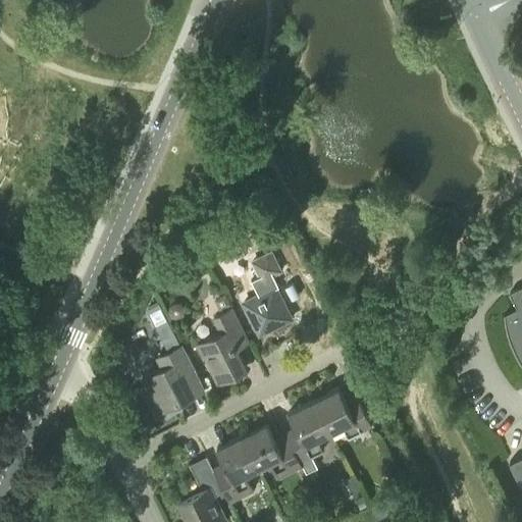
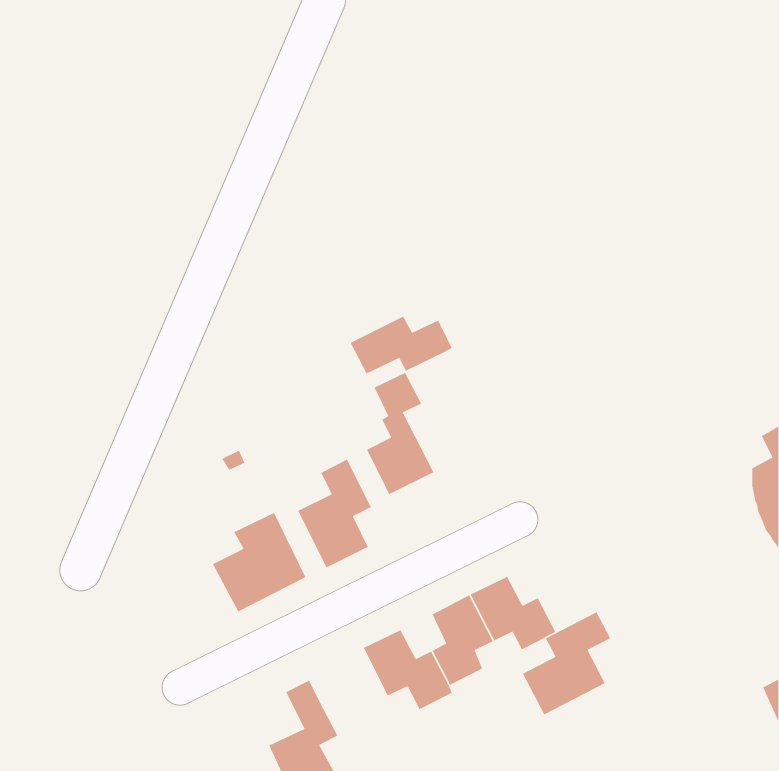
building: none -> [349,315,453,375]
building: none -> [522,611,611,716]
building: [215,438,259,505] -> none

